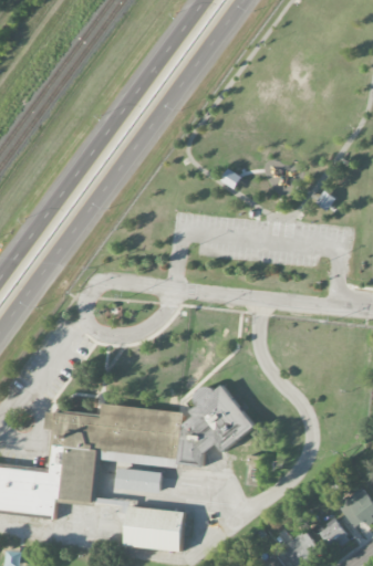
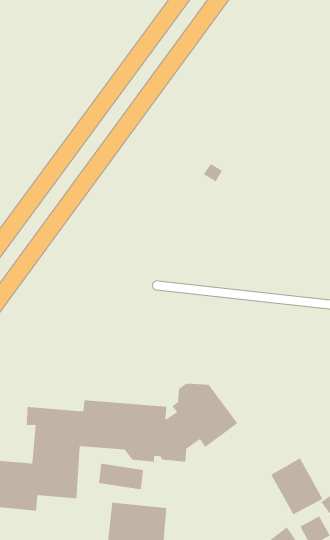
building: none -> [270,457,323,515]

